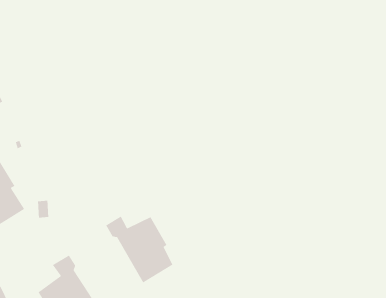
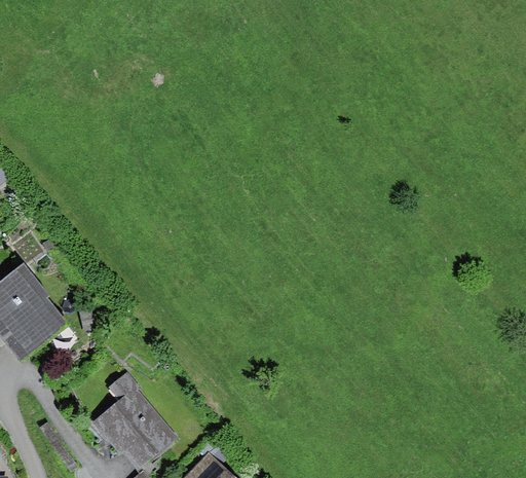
building: [105,215,174,284] -> none

